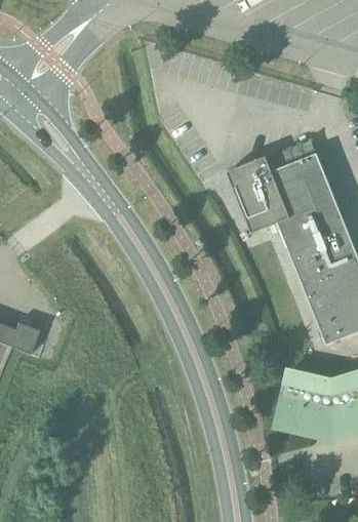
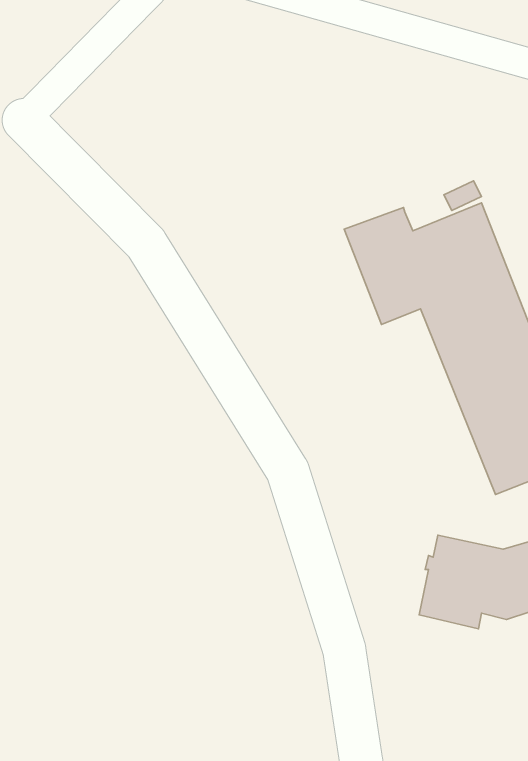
building: [5,321,37,355] -> none

